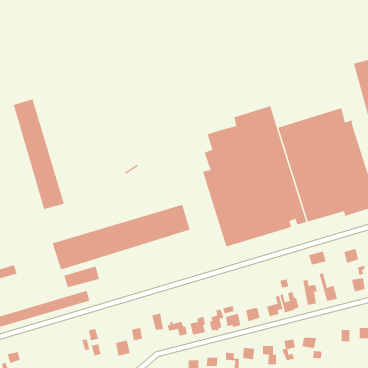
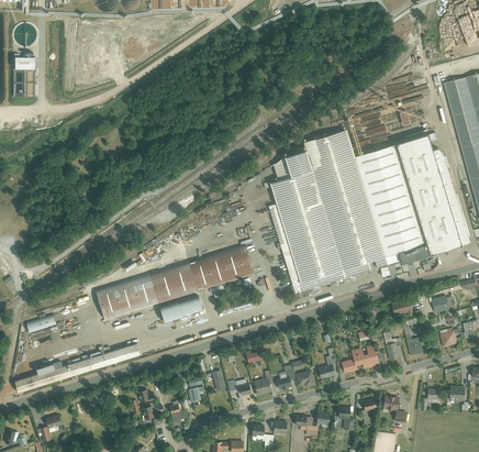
building: [13,98,64,210] -> none
building: [64,266,100,288] -> [161,295,203,320]

